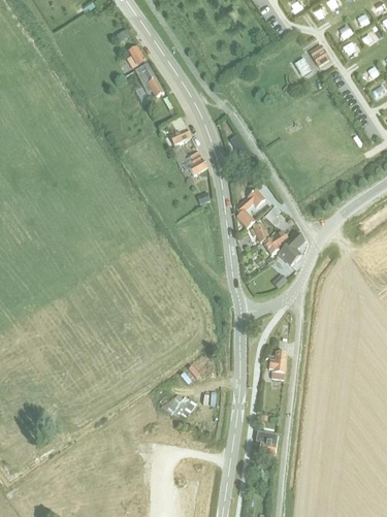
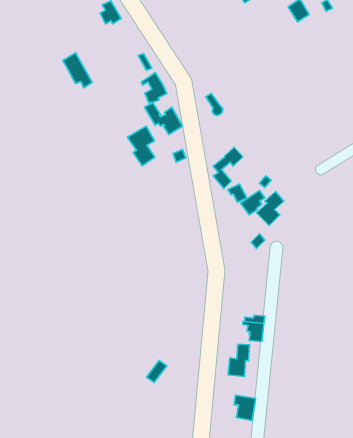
building: [134,63,163,97] -> [63,53,92,88]
building: none -> [127,126,155,166]
building: none -> [228,344,250,377]

